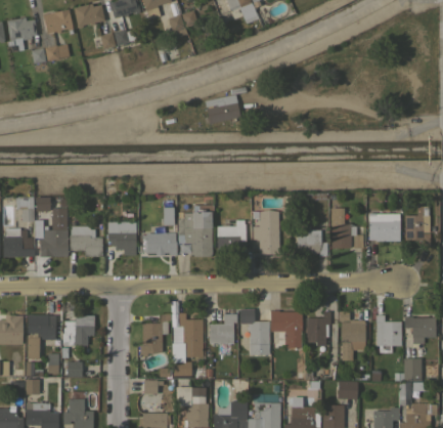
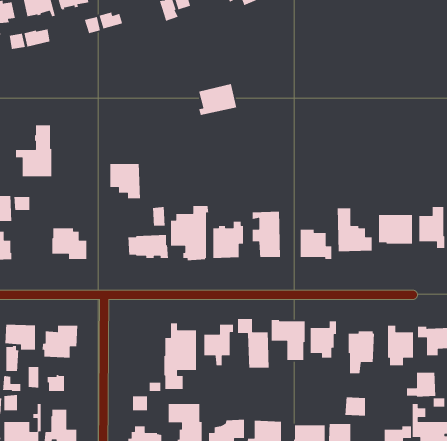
building: [34,208,68,256] -> [15,125,52,177]
building: [107,222,136,255] -> [109,163,141,199]
building: [140,313,171,356] -> none

